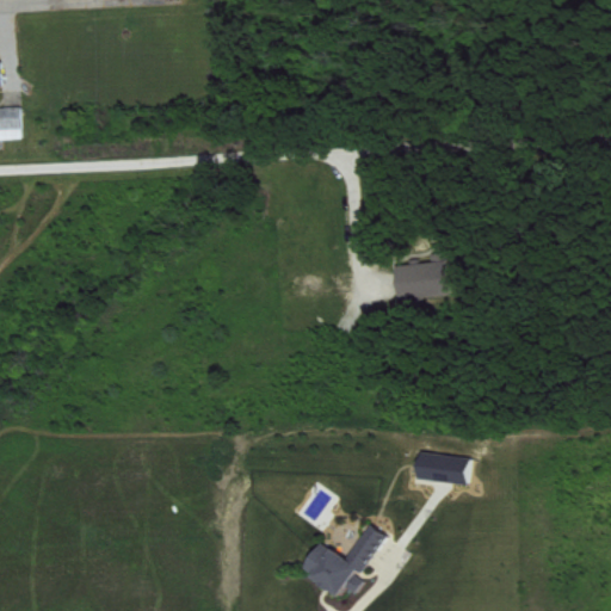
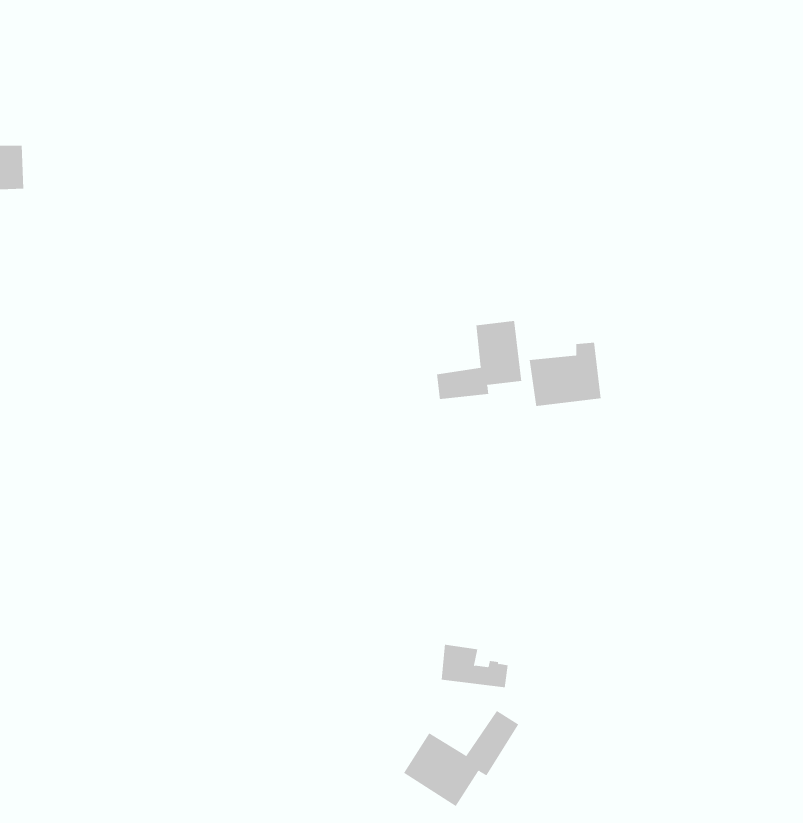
building: none -> [436,320,522,400]
building: [415,452,465,485] -> [441,644,509,688]

